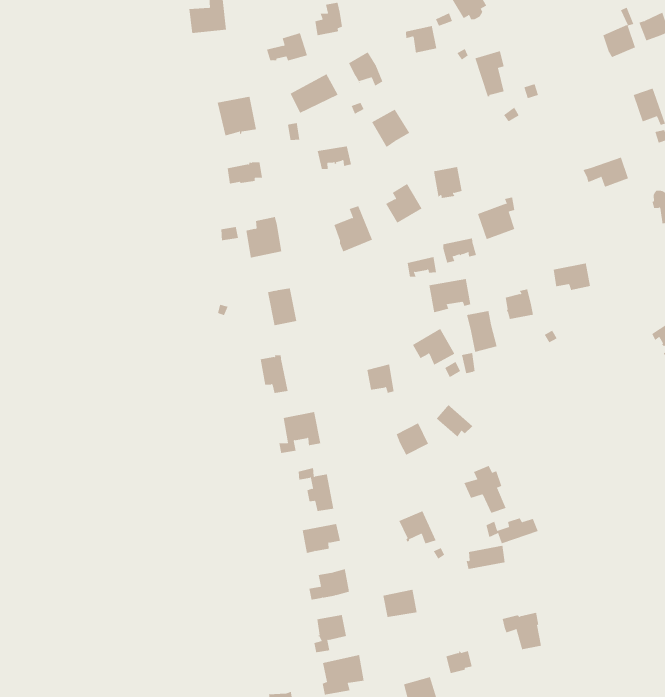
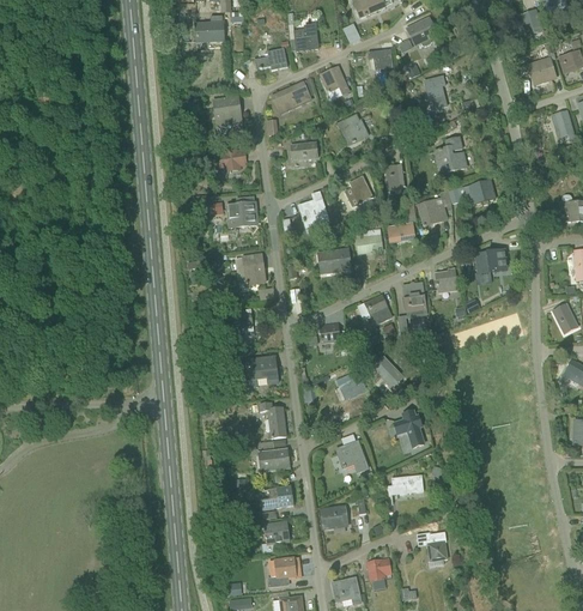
building: none -> [432,137,463,174]
building: [583,157,629,187] -> [457,180,494,204]
building: [429,278,471,313] -> [316,247,350,273]
building: [486,517,539,544] -> none

